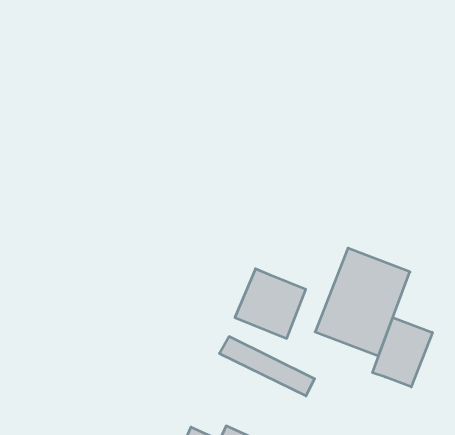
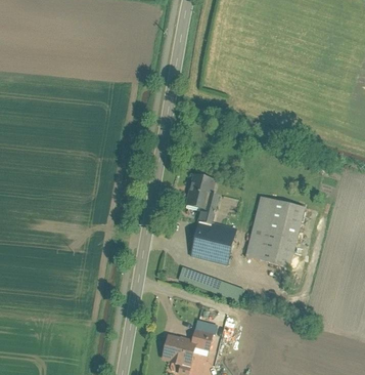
building: none -> [184,174,217,222]
building: [373,318,432,387] -> none

